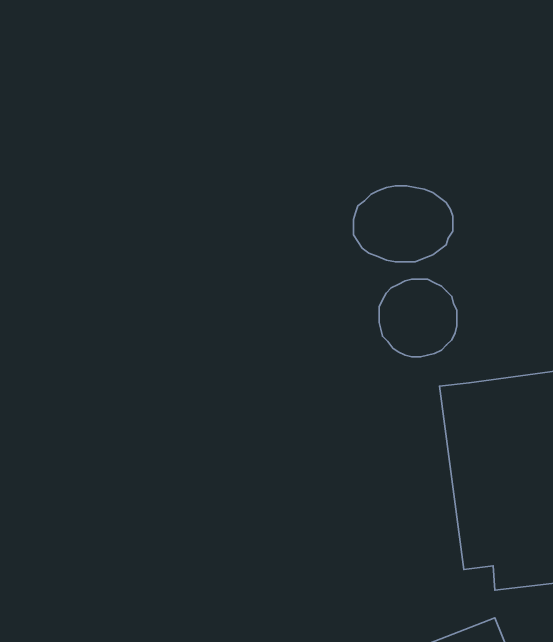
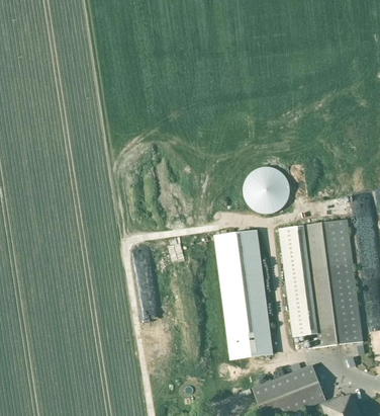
building: [353,186,453,262] -> none
building: none -> [216,231,271,358]

